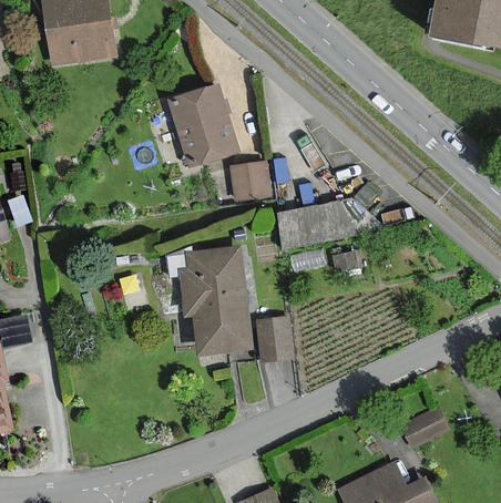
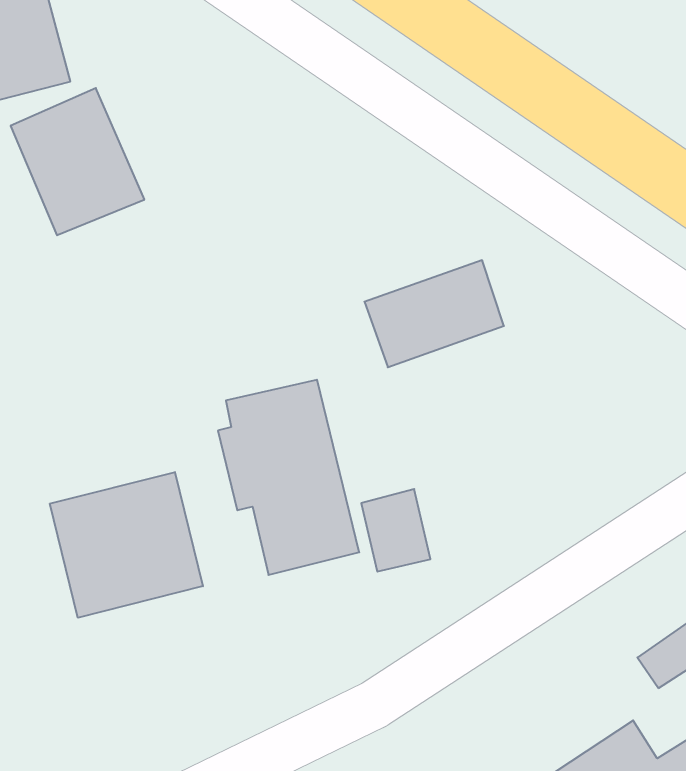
building: [170,82,241,163] -> [11,88,144,235]
building: [229,161,272,201] -> none
building: none -> [50,472,203,618]

